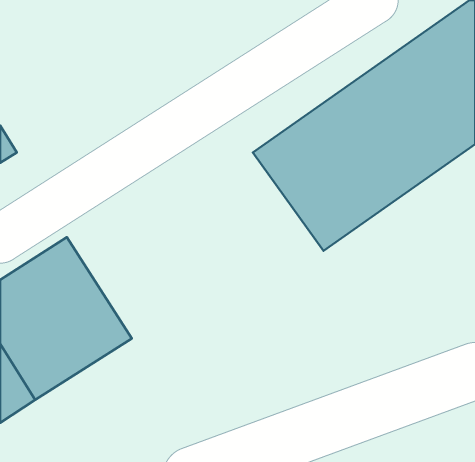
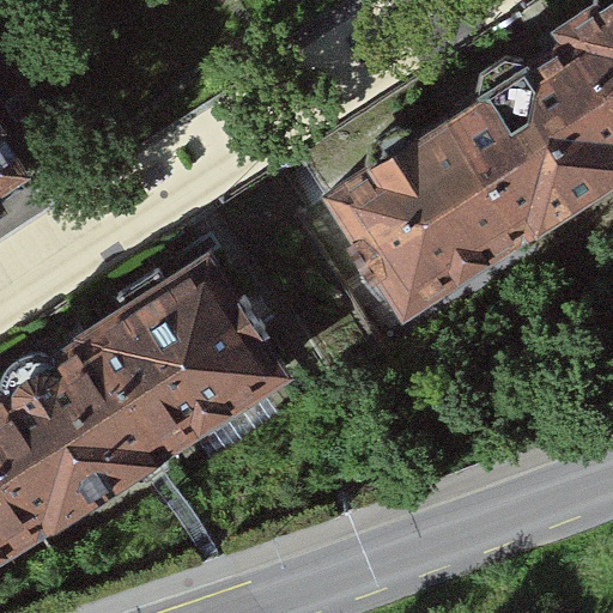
building: none -> [86,243,295,453]

